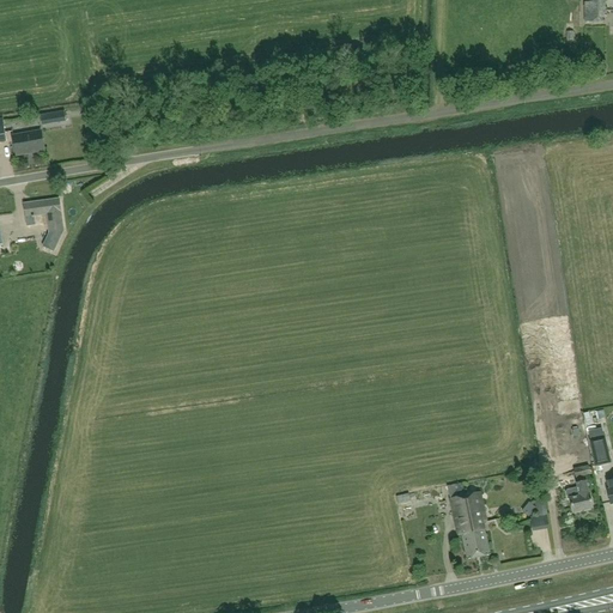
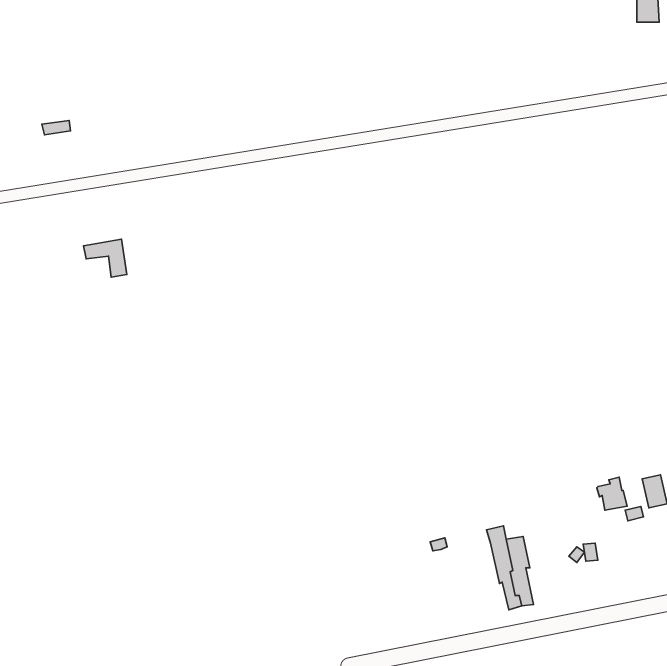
building: [12,131,43,154] -> none
building: [23,196,62,231] -> [84,239,127,277]
building: [564,480,591,510] -> [597,477,627,510]

